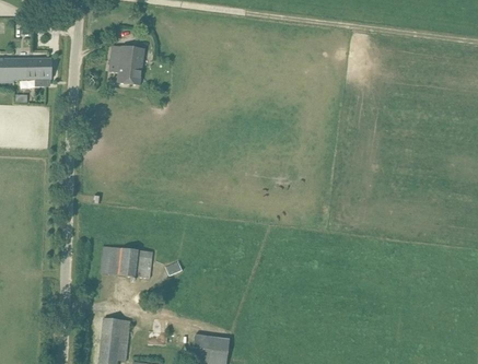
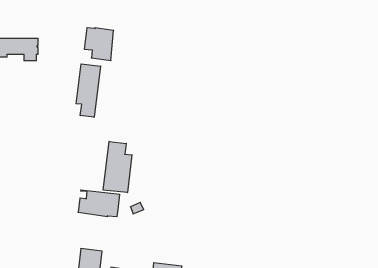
building: none -> [76,64,101,117]
building: none -> [103,141,132,193]

